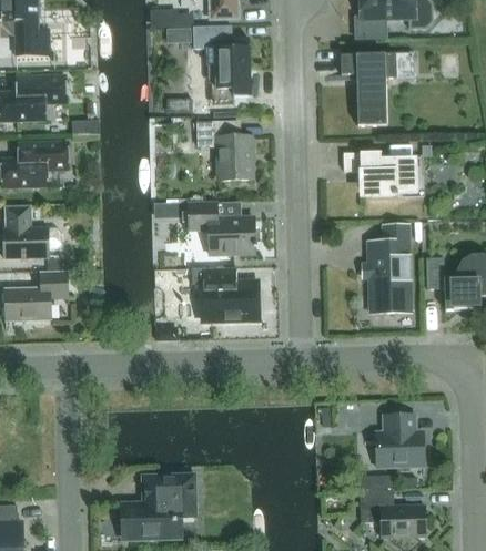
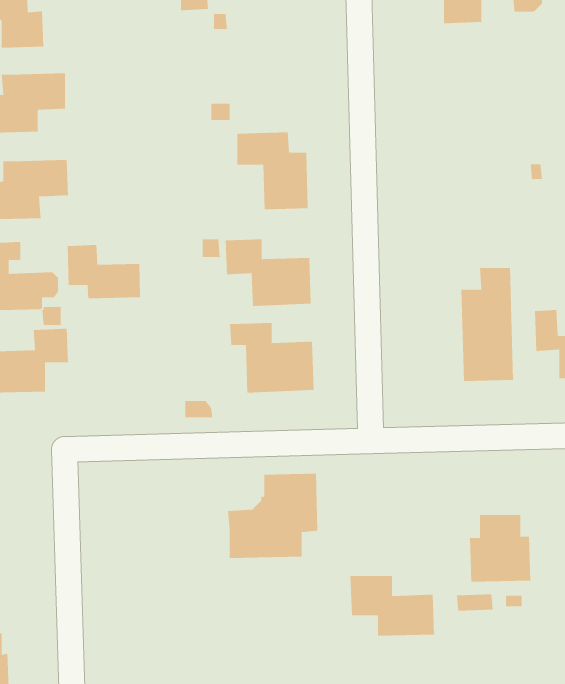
building: [192,24,250,95] -> none
building: [340,53,396,125] -> none
building: [343,151,413,195] -> none
building: none -> [67,244,140,299]
building: [125,473,195,539] -> [227,473,318,558]
building: [360,490,425,537] -> [350,576,435,636]

